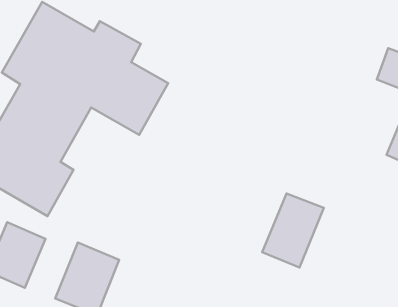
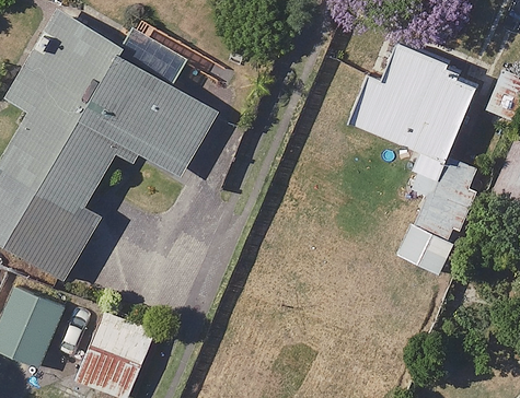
building: none -> [347,36,479,274]
building: [262,193,324,268] -> none

